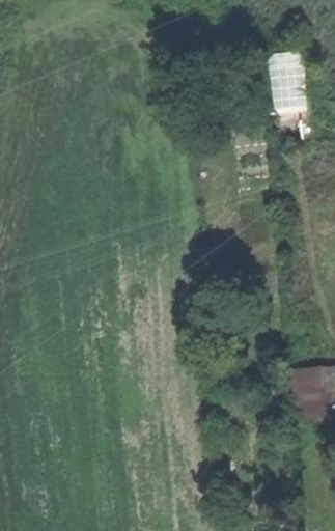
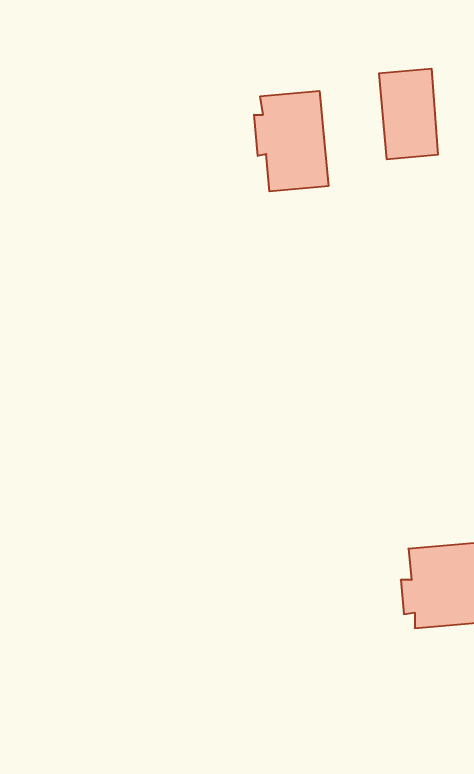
building: none -> [254,91,328,191]

